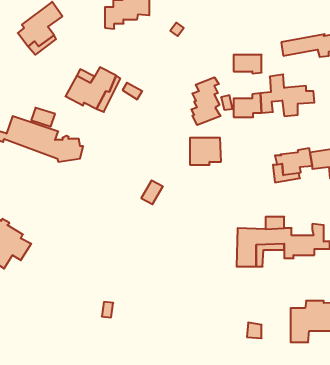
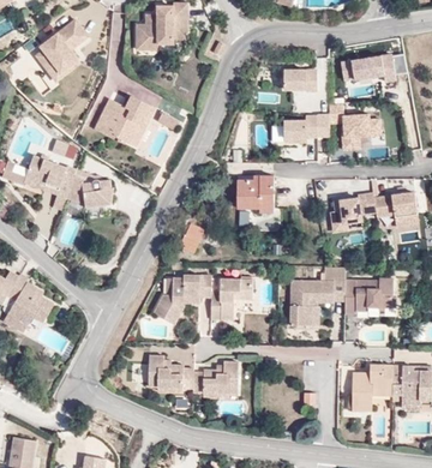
building: [191,77,221,125] -> none
building: none -> [154,275,256,326]
building: none -> [151,354,241,392]

